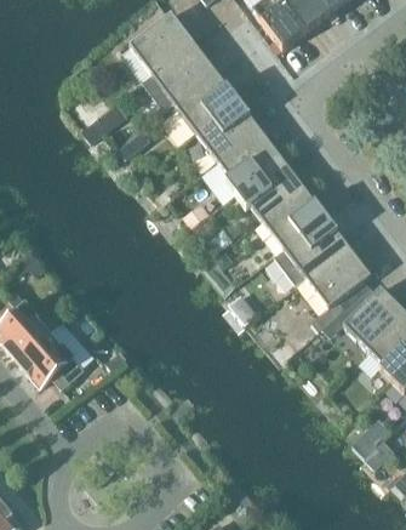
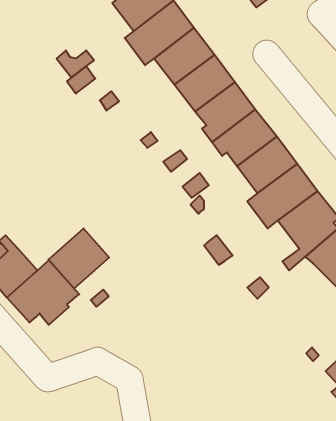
building: none -> [48,228,109,288]

